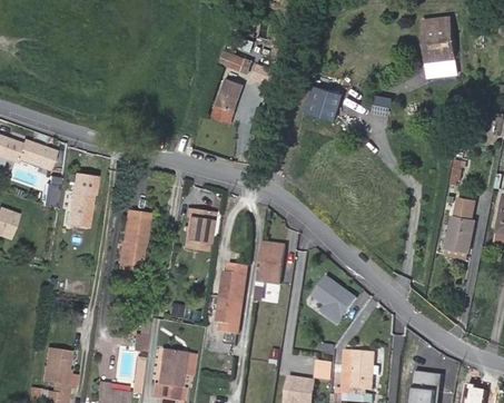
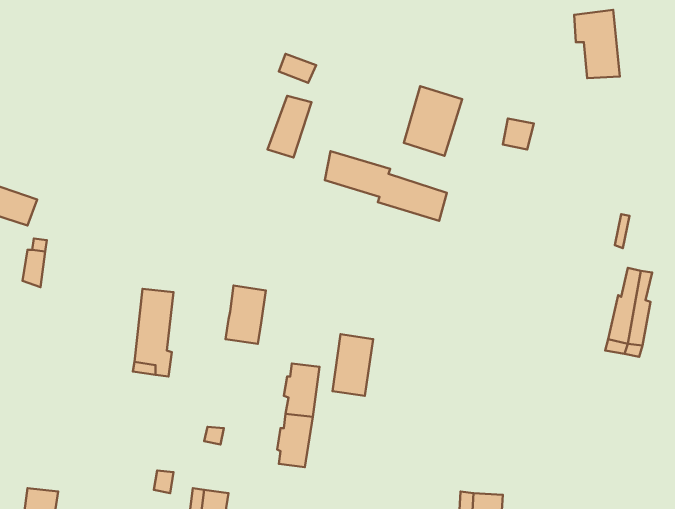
building: none -> [325,151,447,221]
building: [65,176,92,228] -> none
building: [313,275,357,323] -> none

